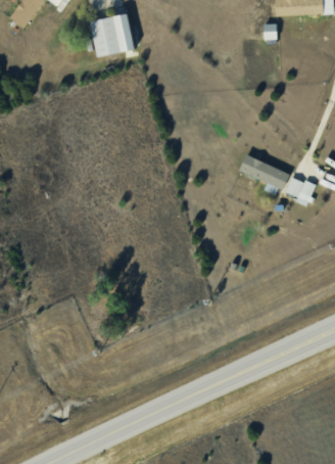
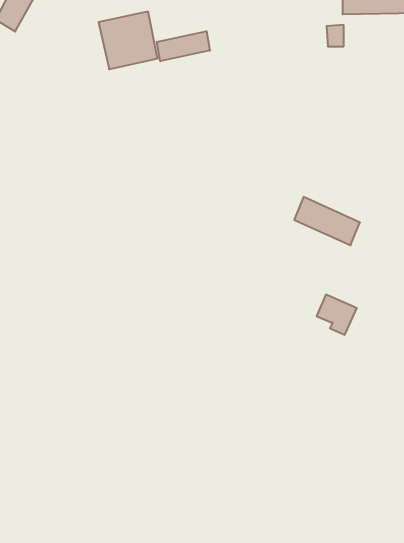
building: none -> [157,31,210,61]
building: [285,176,316,206] -> [317,295,357,335]

